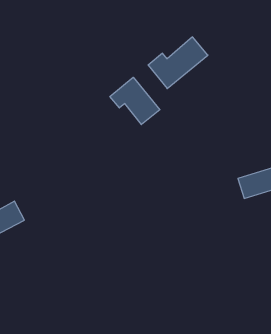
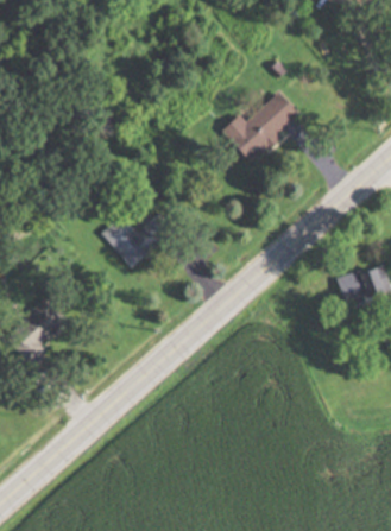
building: [110,77,160,125] -> none
building: none -> [102,214,152,265]

